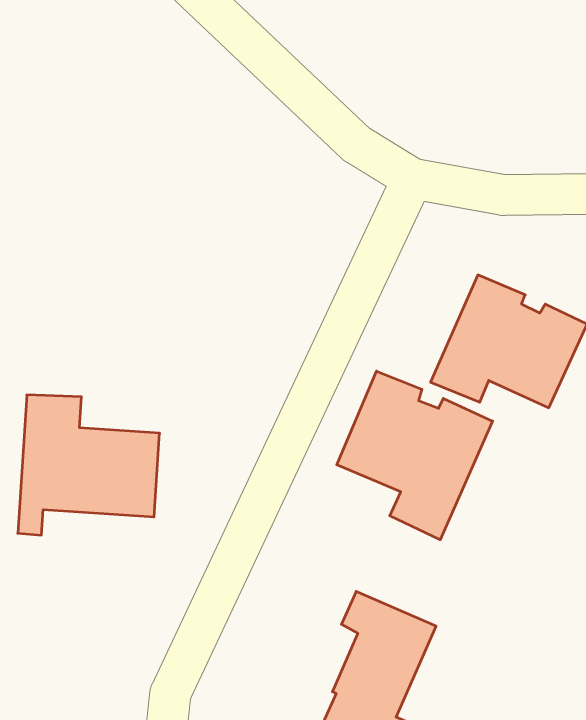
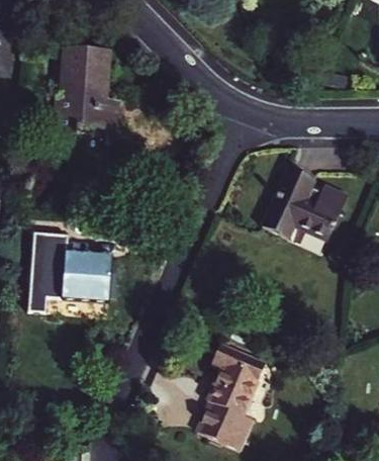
building: none -> [57,48,123,135]
building: [337,371,493,540] -> none

